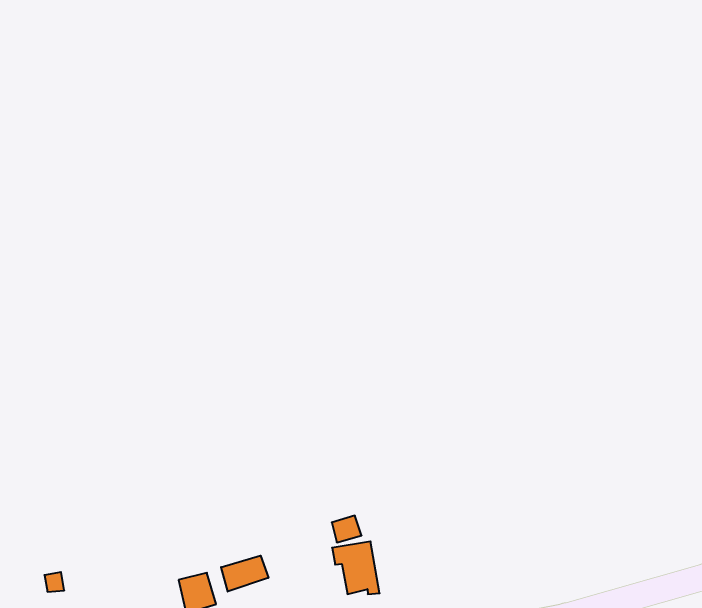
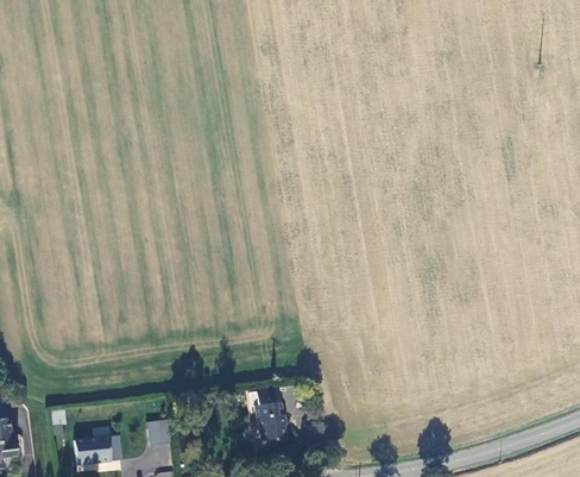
building: [221,556,268,592] -> none

